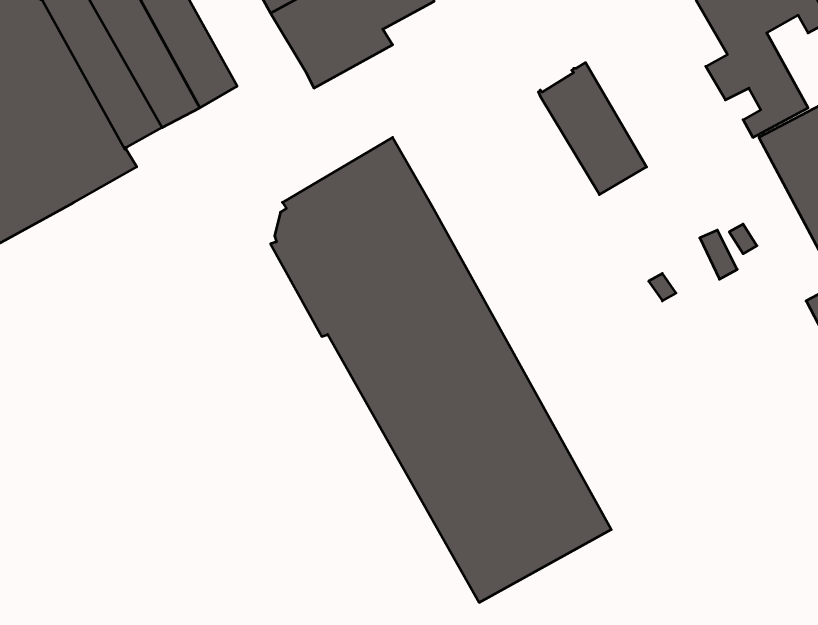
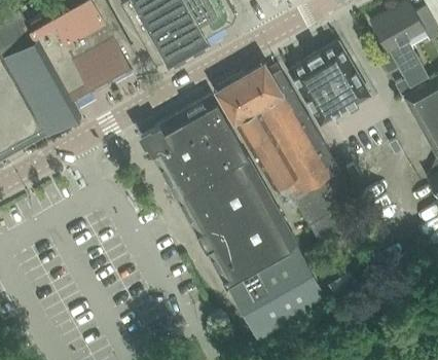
building: none -> [313,41,369,110]
building: none -> [213,61,349,225]

